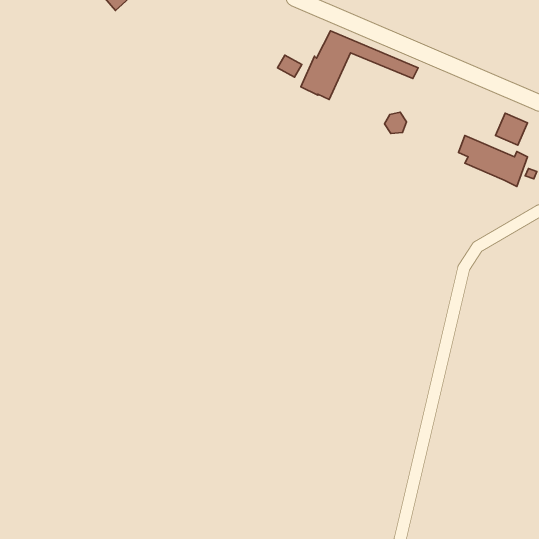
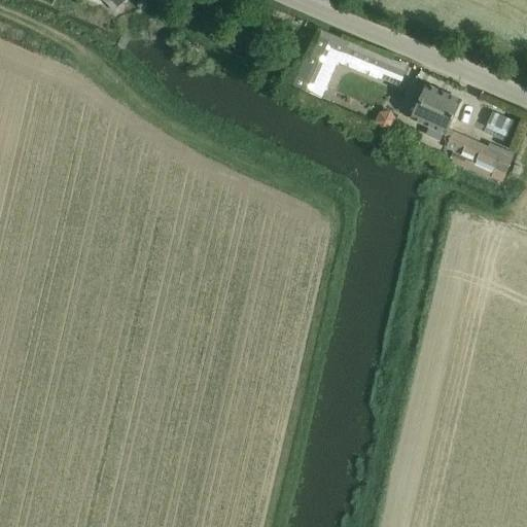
building: none -> [410,84,460,135]

